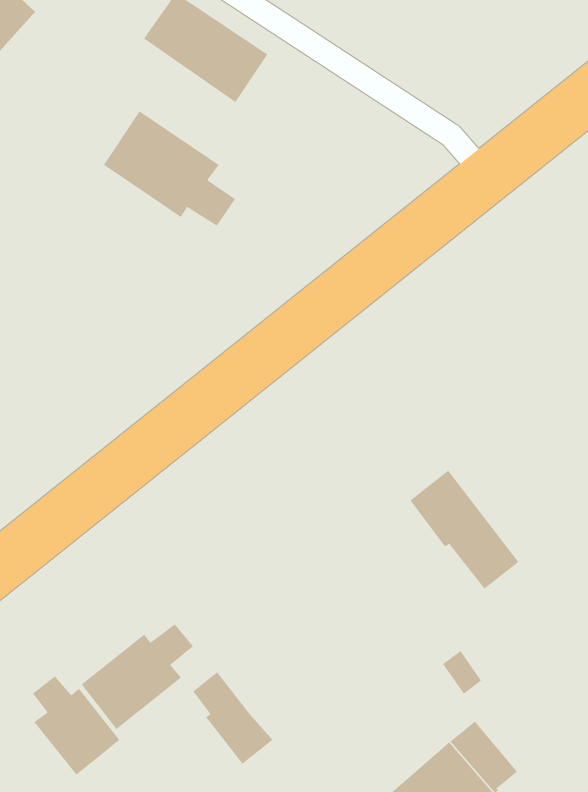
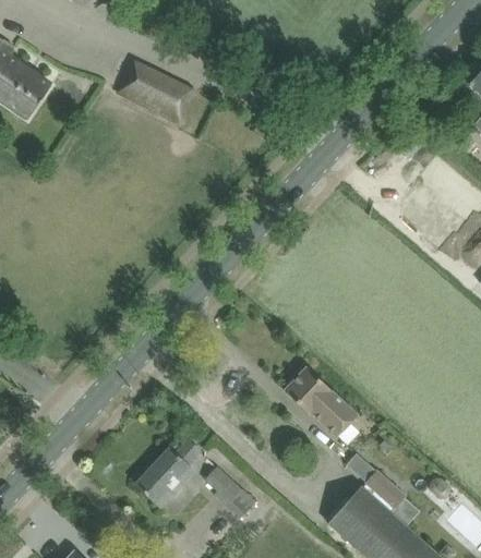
building: [103,110,236,227] -> none
building: [410,470,519,590] -> [286,367,357,436]
building: [32,675,120,775] -> none

